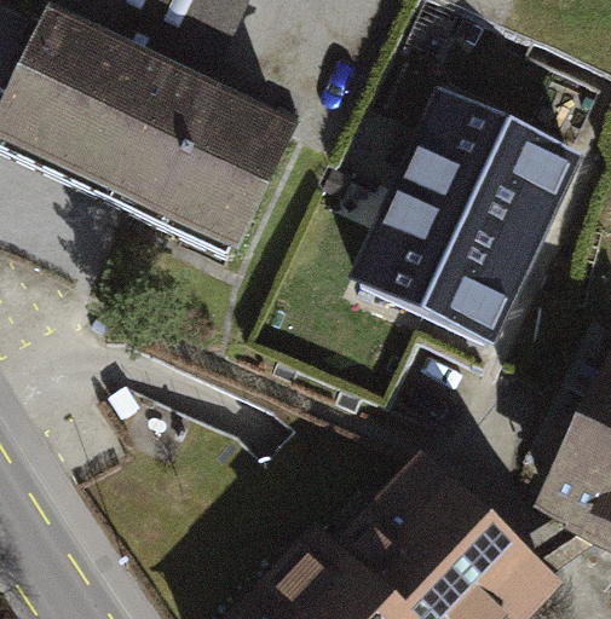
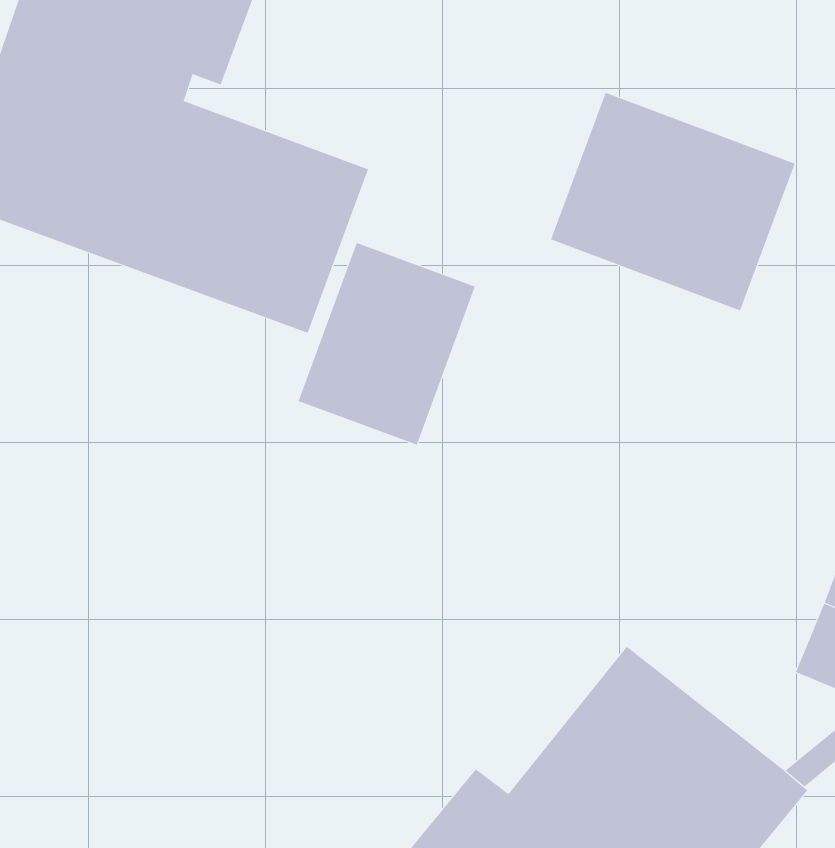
building: none -> [298,242,476,446]
building: [361,190,528,341] -> none

